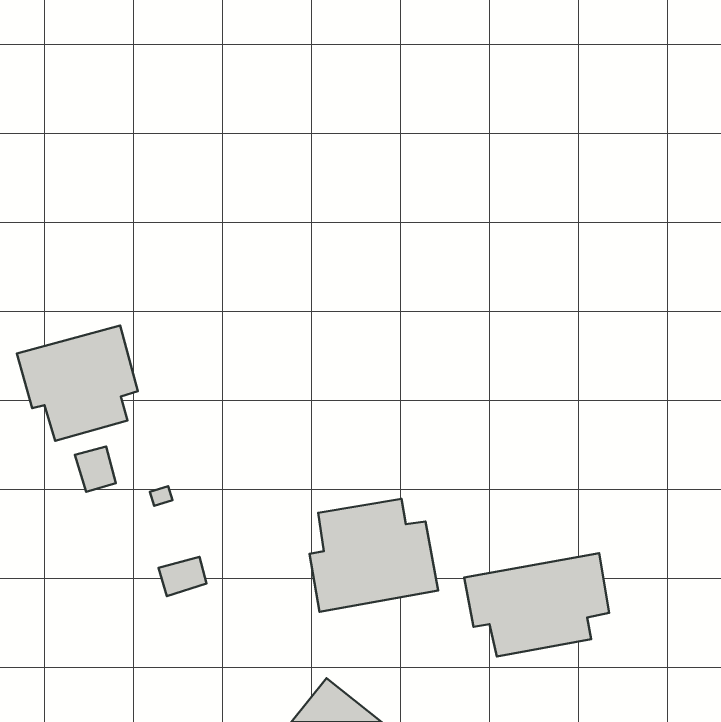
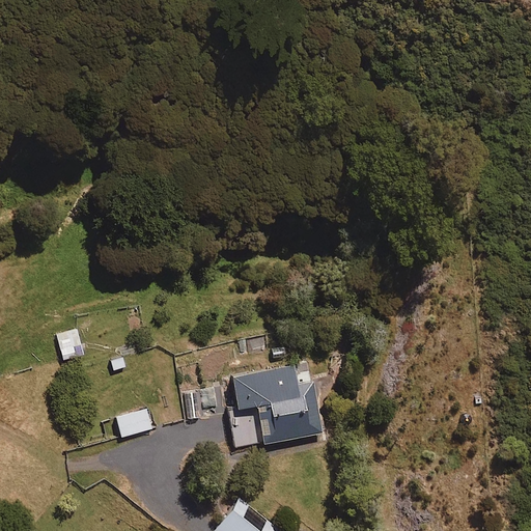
building: [17,325,138,441] -> none
building: [464,553,609,657] -> none

